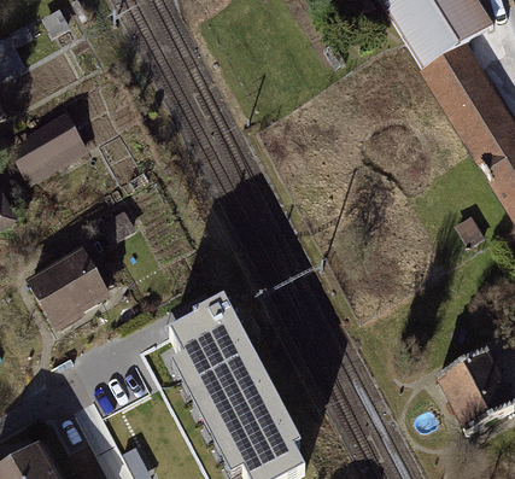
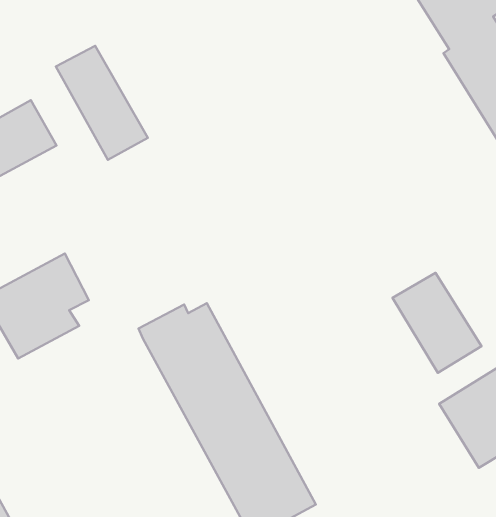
building: none -> [56,46,148,160]
building: none -> [392,273,482,373]

